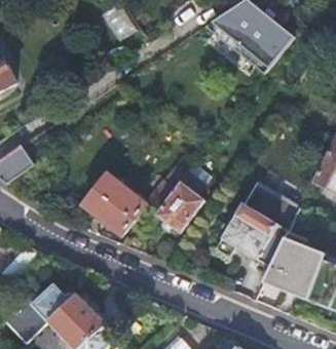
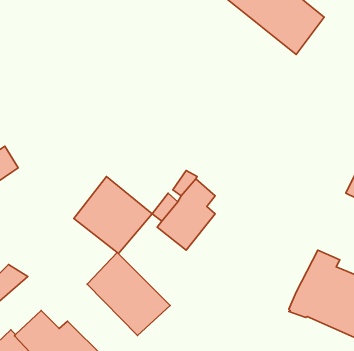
building: [215,183,299,268] -> none
building: none -> [87,253,170,336]

